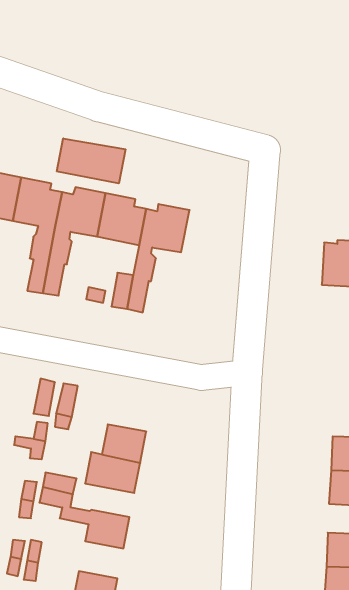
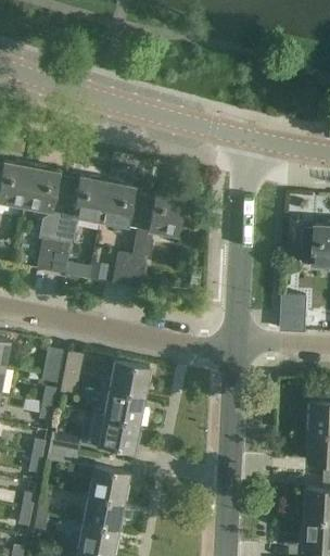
building: [57,138,125,183] -> none
building: none -> [281,295,306,331]
building: none -> [109,362,149,396]
building: none -> [82,495,123,529]

